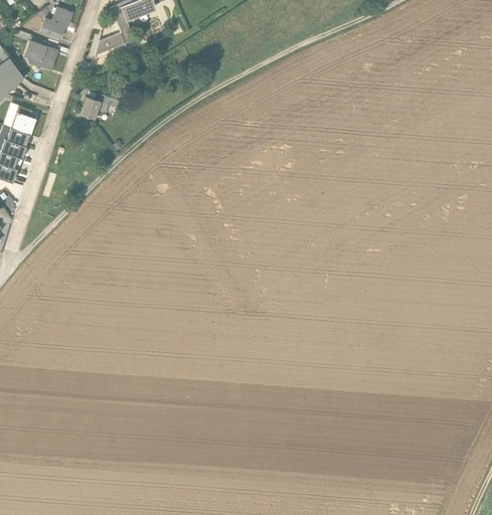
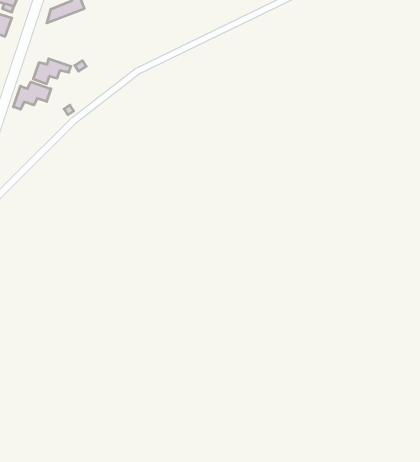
building: none -> [13,82,51,109]

